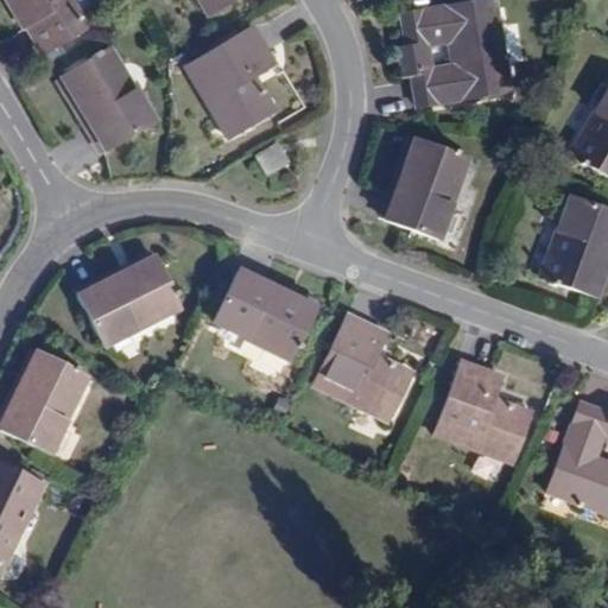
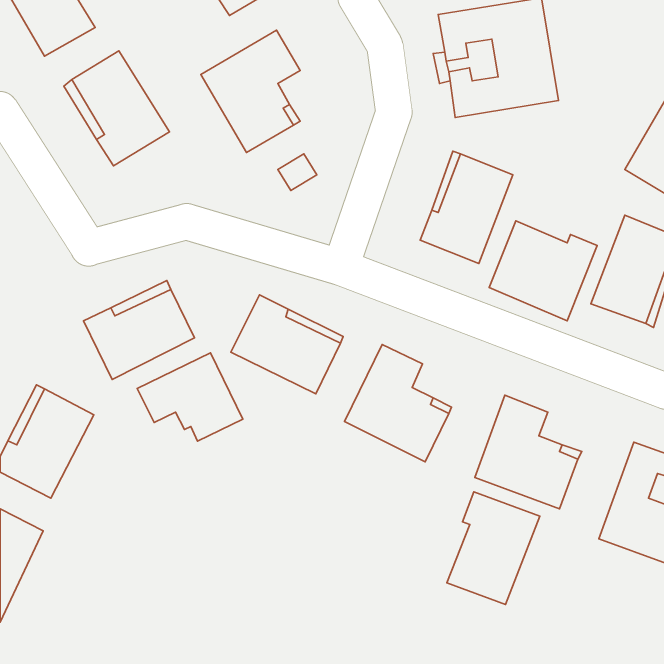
building: none -> [489,221,597,321]
building: none -> [137,353,243,441]
building: none -> [447,492,540,605]

